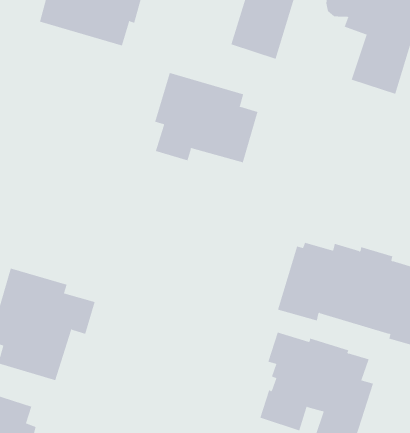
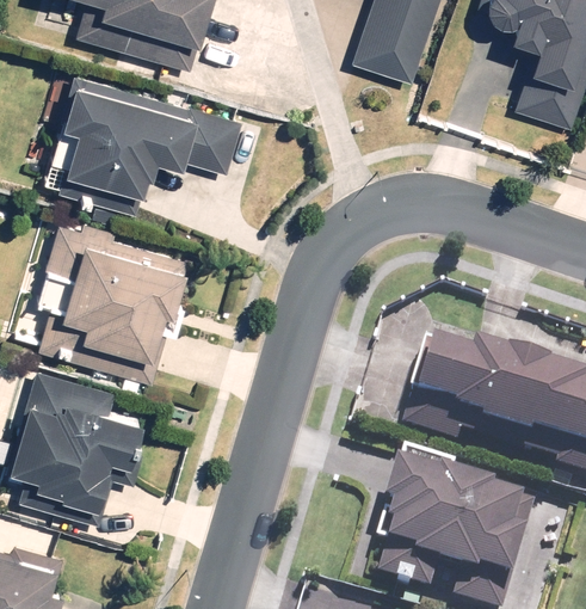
building: none -> [53,67,246,208]
building: [155,72,258,163] -> none
building: none -> [42,209,198,377]

